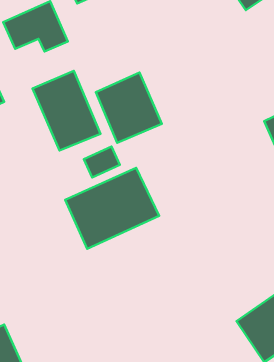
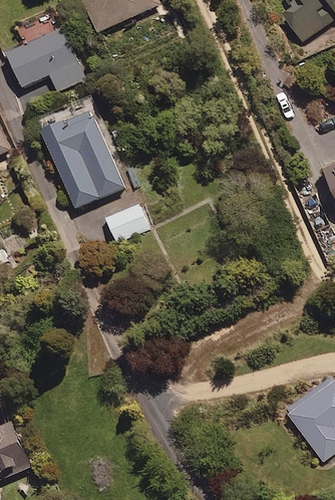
building: [96,73,162,143] -> none
building: [65,168,159,249] -> none

